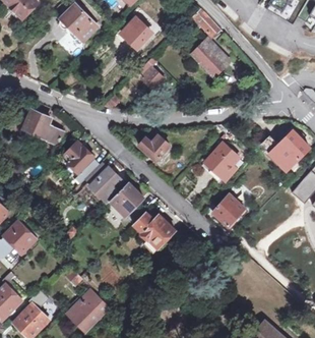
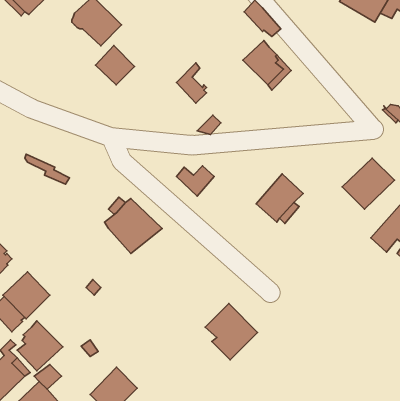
building: [119,15,149,46] -> [95,46,135,85]
building: [22,111,61,145] -> none
building: [62,140,92,172] -> none
building: [104,184,144,216] -> none
building: [211,194,244,226] -> none
building: [133,208,174,251] -> [205,304,257,360]
building: none -> [17,321,63,371]

